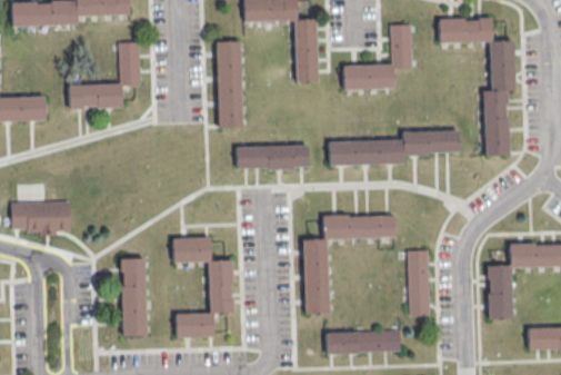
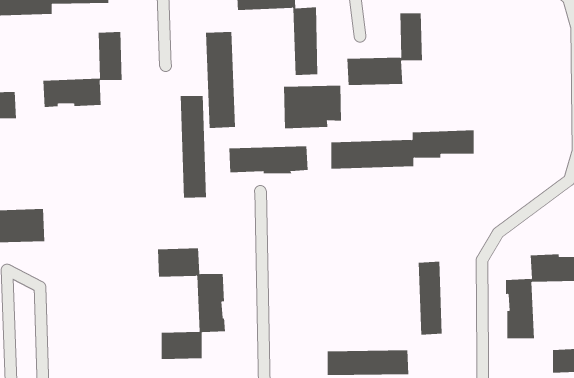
building: [439,18,515,156] -> none
building: none -> [283,85,341,129]
building: none -> [180,95,206,198]
building: [303,215,395,315] -> none
building: [120,258,147,337] -> none

